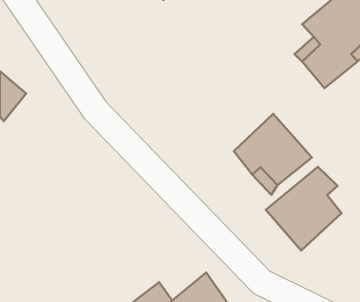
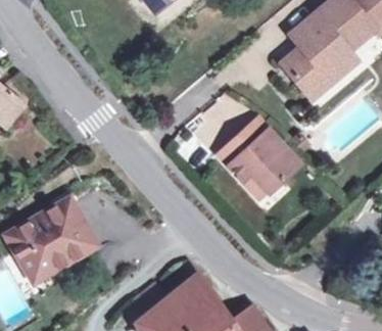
building: [266,167,341,250] -> none
building: none -> [7,200,88,275]

